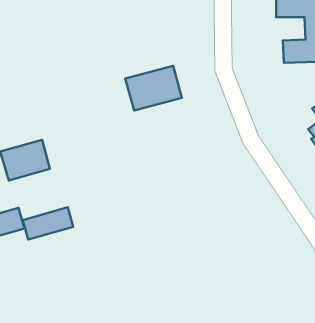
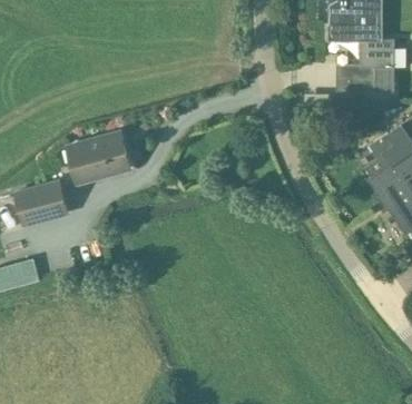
building: [125,66,182,111] -> [66,132,130,184]
building: [23,207,73,240] -> none

